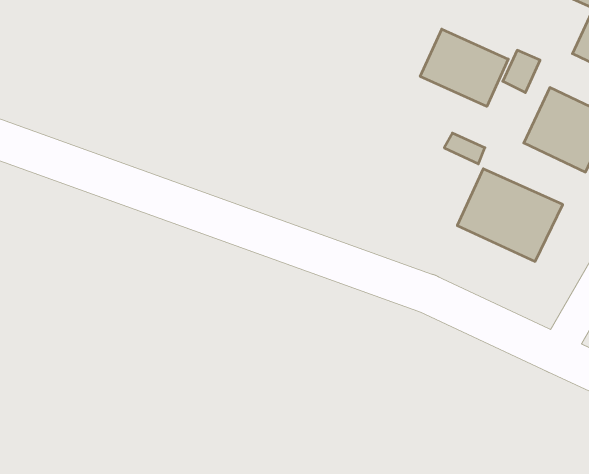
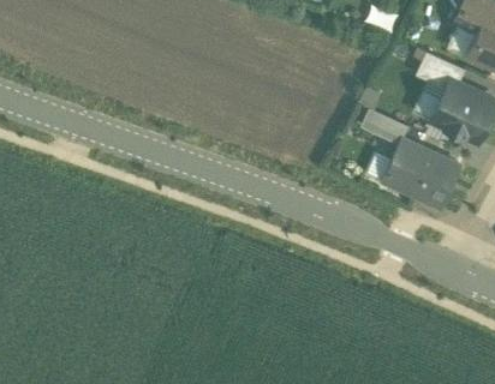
building: [420,29,508,106] -> none

